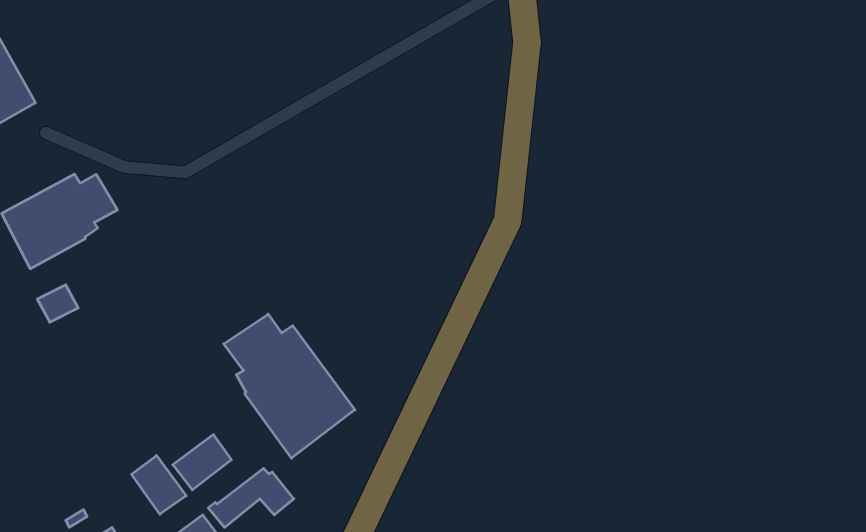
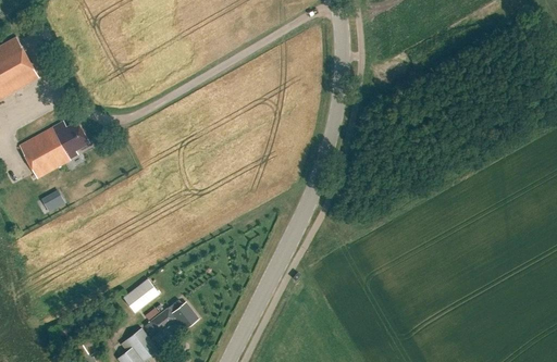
building: [224,314,355,458] -> none
building: [132,455,186,514] -> none

